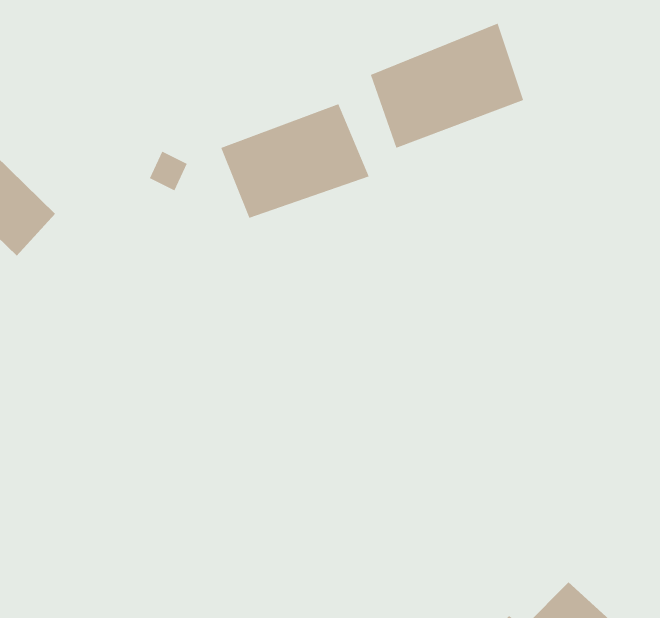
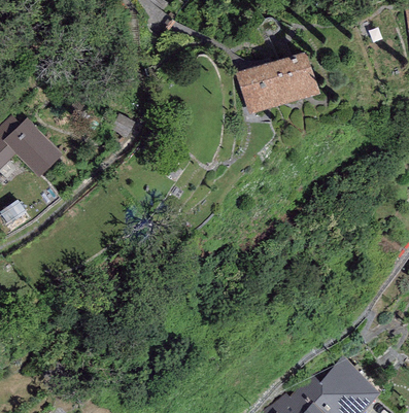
building: [220,103,370,219] -> none

